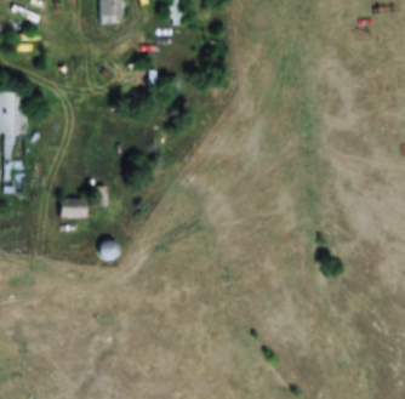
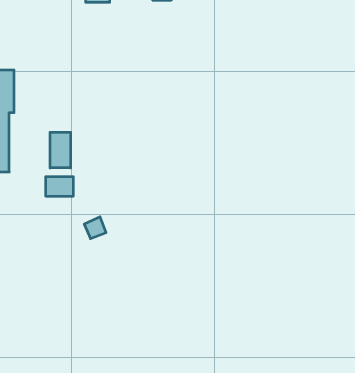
building: none -> [50,132,71,168]

